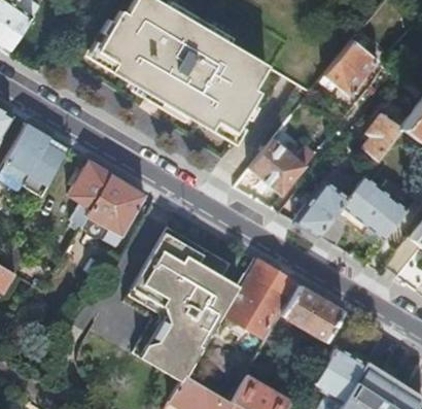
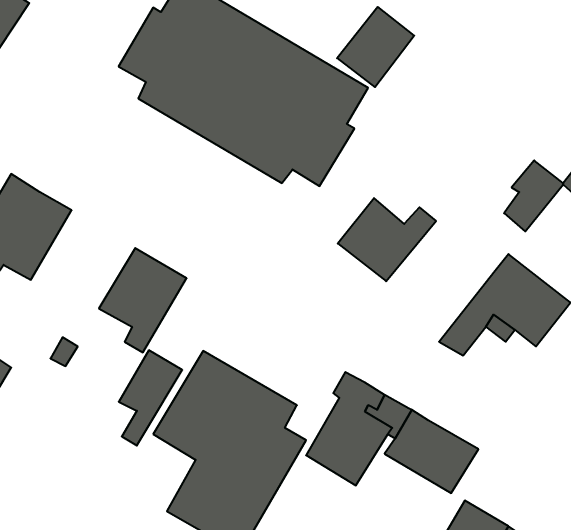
building: [325,41,378,96] -> [337,7,414,87]
building: [69,160,112,225] -> [119,350,182,446]
building: [294,173,357,237] -> none

